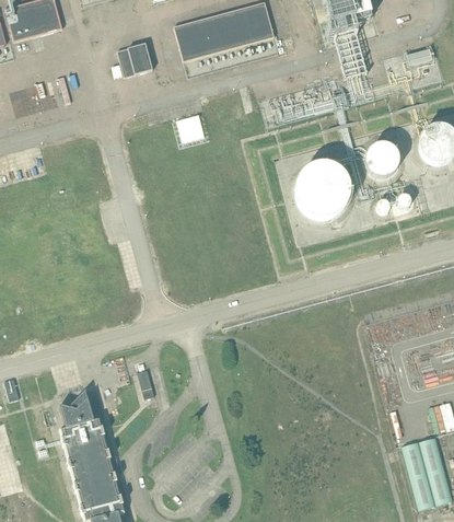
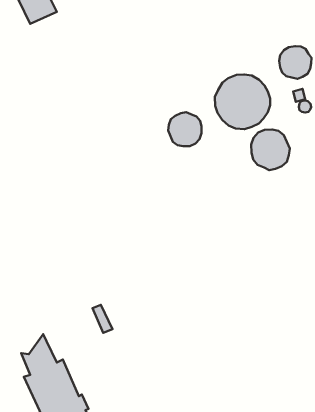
building: none -> [168,112,202,146]
building: none -> [251,130,290,170]

